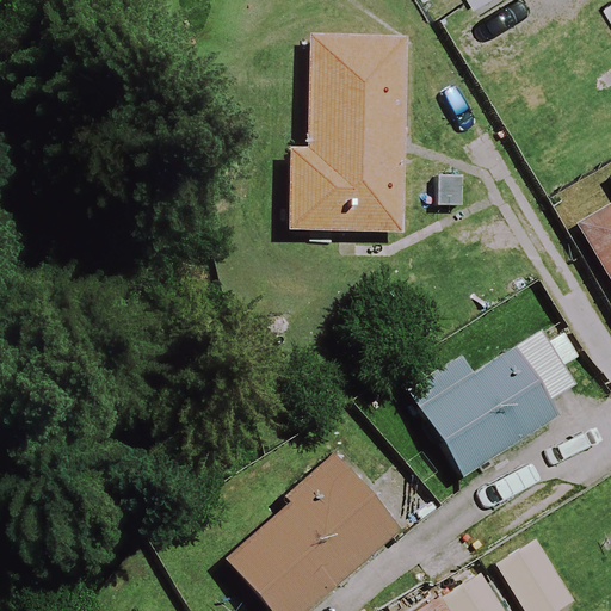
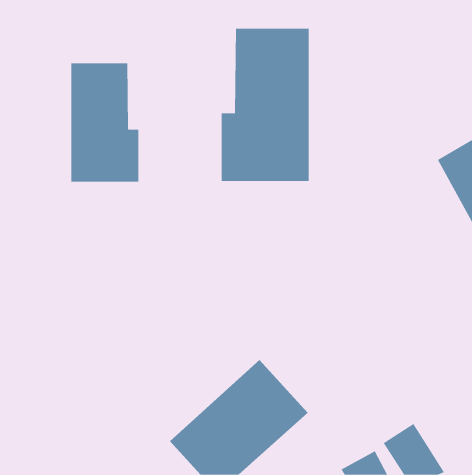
building: none -> [71,62,139,182]
building: [408,327,590,476] -> none

